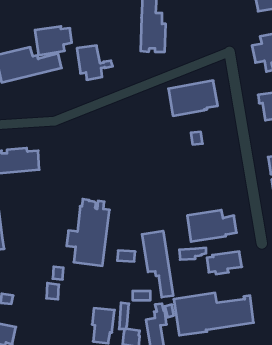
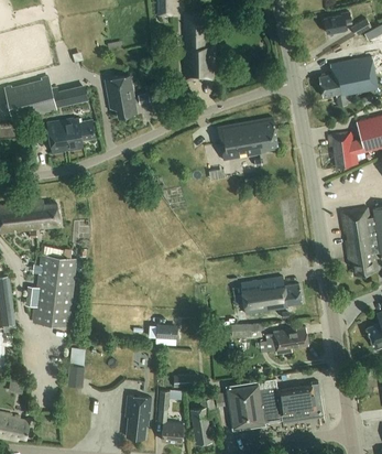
building: [35,26,72,55] -> [47,118,92,153]
building: [67,199,110,266] -> [25,246,78,327]
building: [142,231,173,297] -> none

